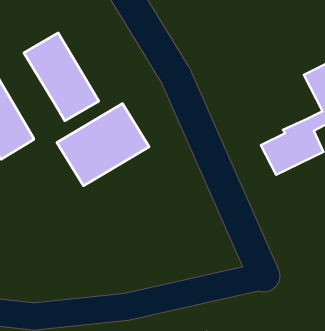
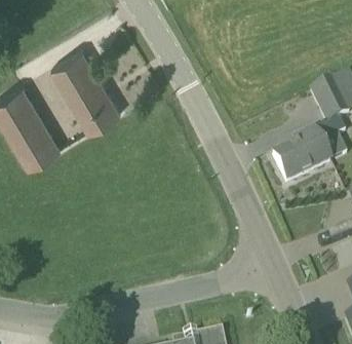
building: [57,103,149,186] -> none

